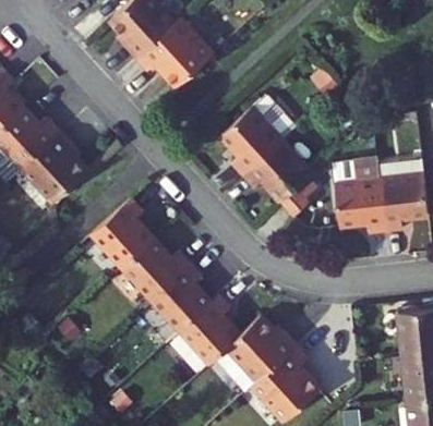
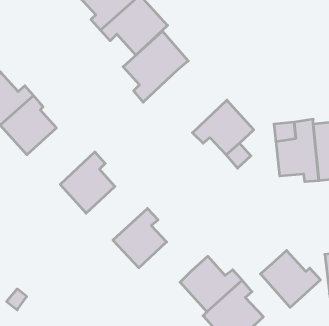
building: [219,97,293,178] -> [123,31,188,102]
building: [121,239,191,300] -> none
building: [181,295,241,363] -> none
building: none -> [260,250,320,307]

